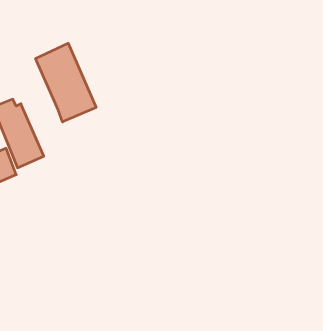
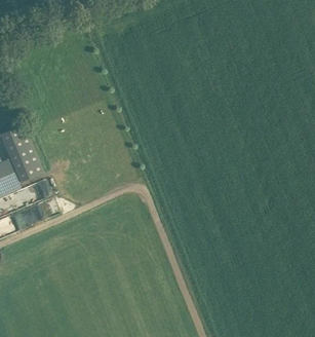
building: [36,43,96,122] -> none

